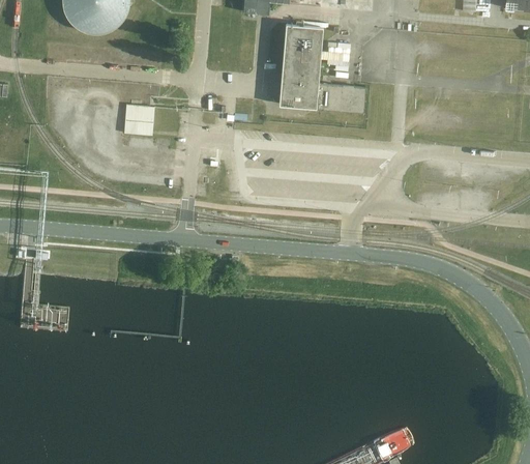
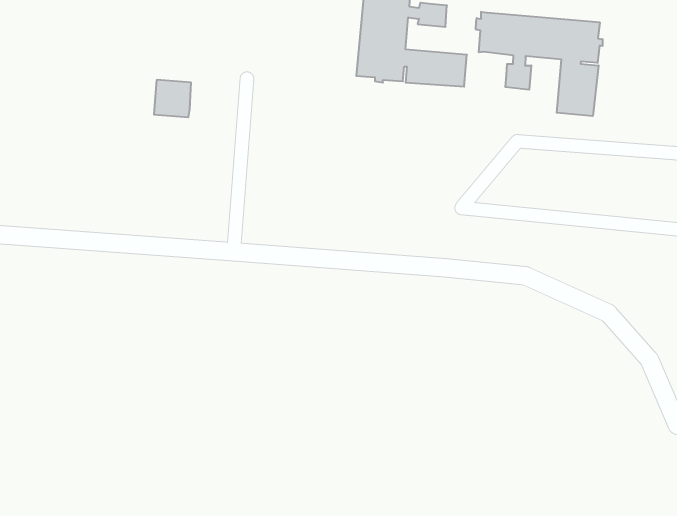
building: none -> [476,12,602,116]

